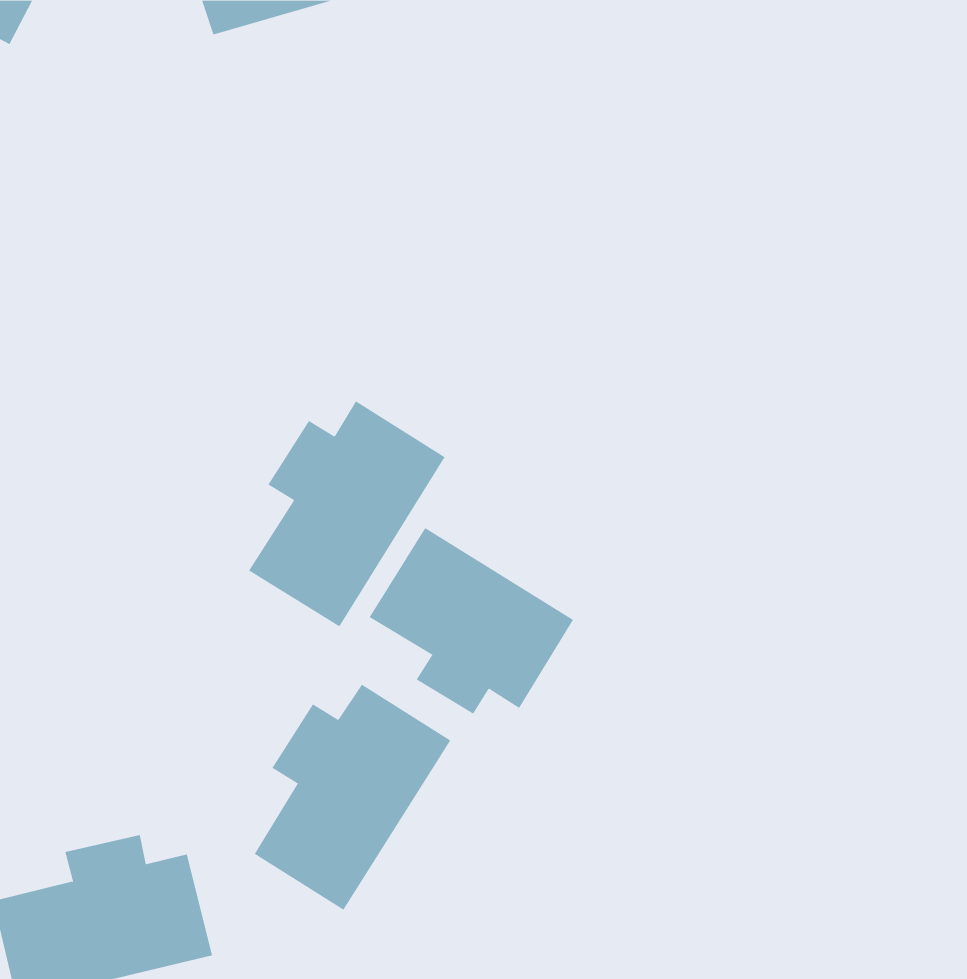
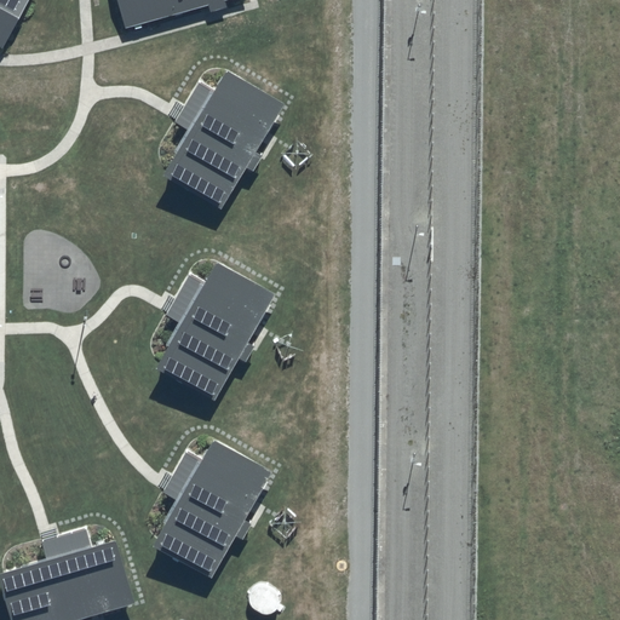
building: none -> [166,65,288,206]
building: [369,527,574,715] -> none

